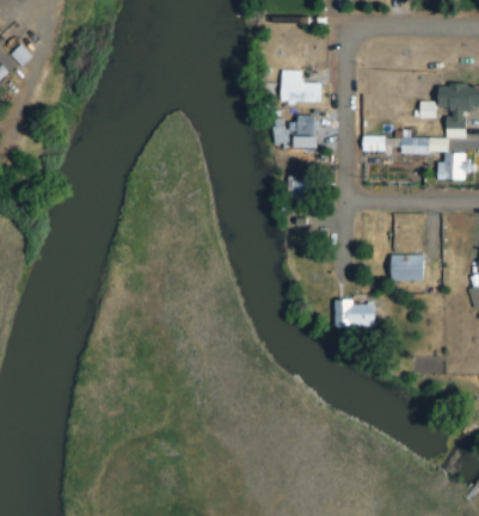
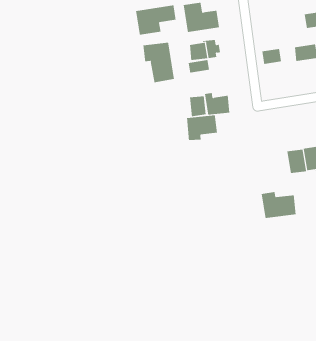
building: none -> [136,4,176,36]
building: none -> [143,42,174,83]
building: none -> [187,115,217,141]

